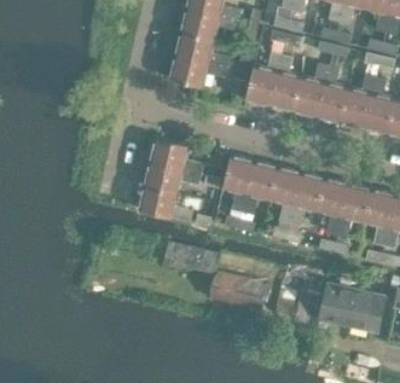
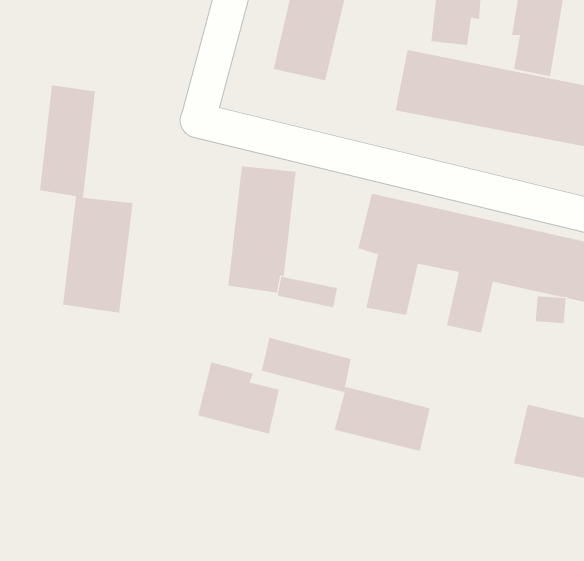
building: none -> [39,85,133,314]
building: none -> [197,361,279,434]
building: [274,274,323,327] -> none

